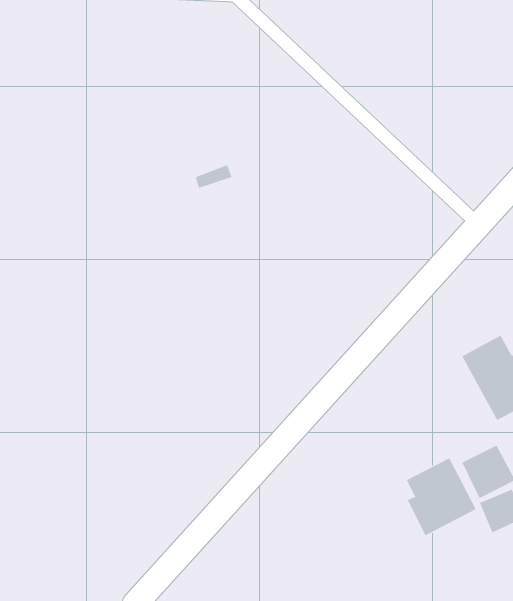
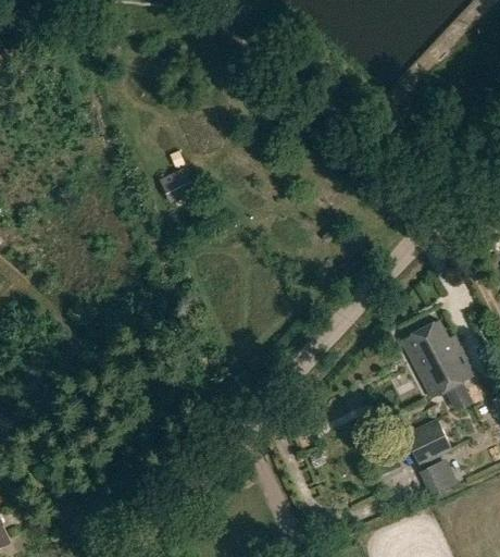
building: [406,458,477,536] -> none

